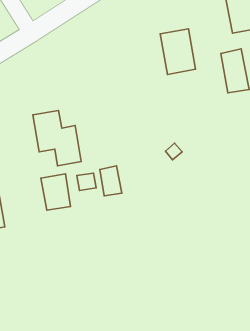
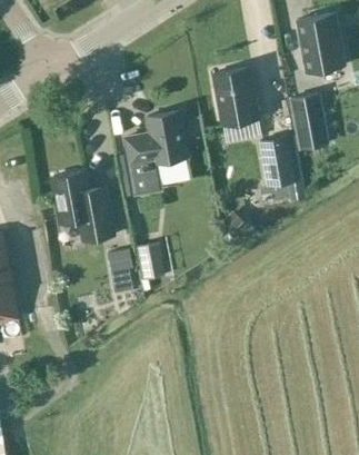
building: none -> [126,112,189,196]
building: none -> [260,139,293,187]
building: [41,174,71,210] -> none

